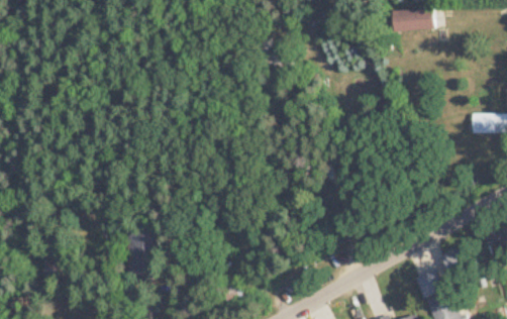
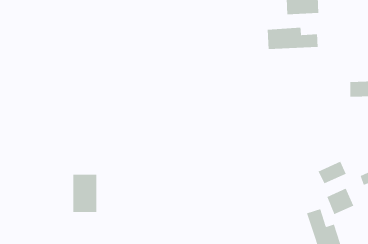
building: none -> [267,27,318,50]
building: none -> [318,161,347,184]

